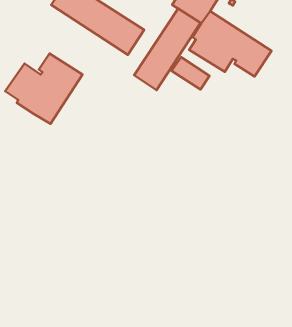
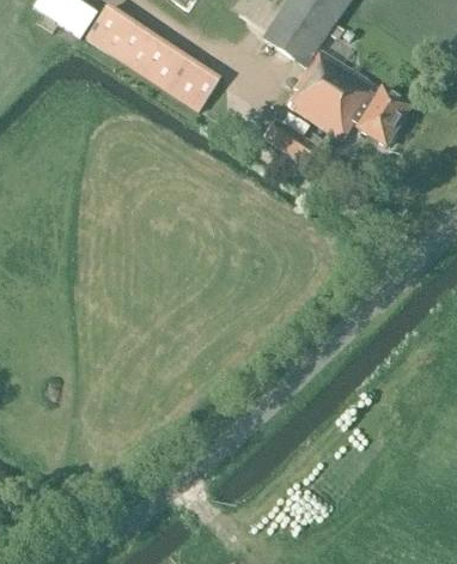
building: [134,9,200,90] -> none
building: [5,53,83,124] -> none

